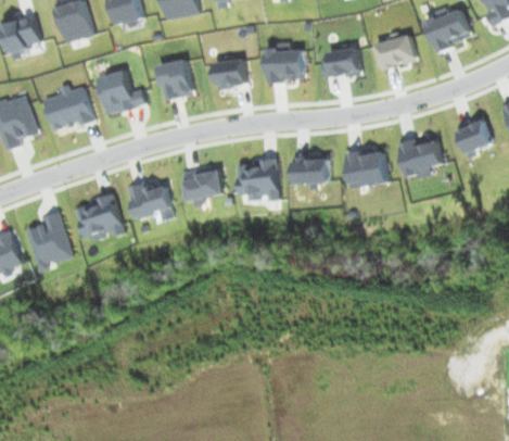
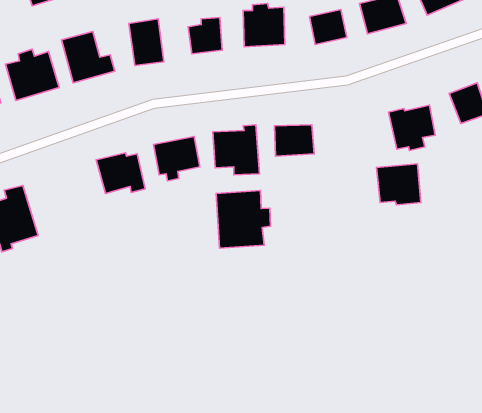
building: [346,148,387,186] -> [377,164,421,205]
building: [74,194,124,241] -> none
building: none -> [216,190,270,248]

